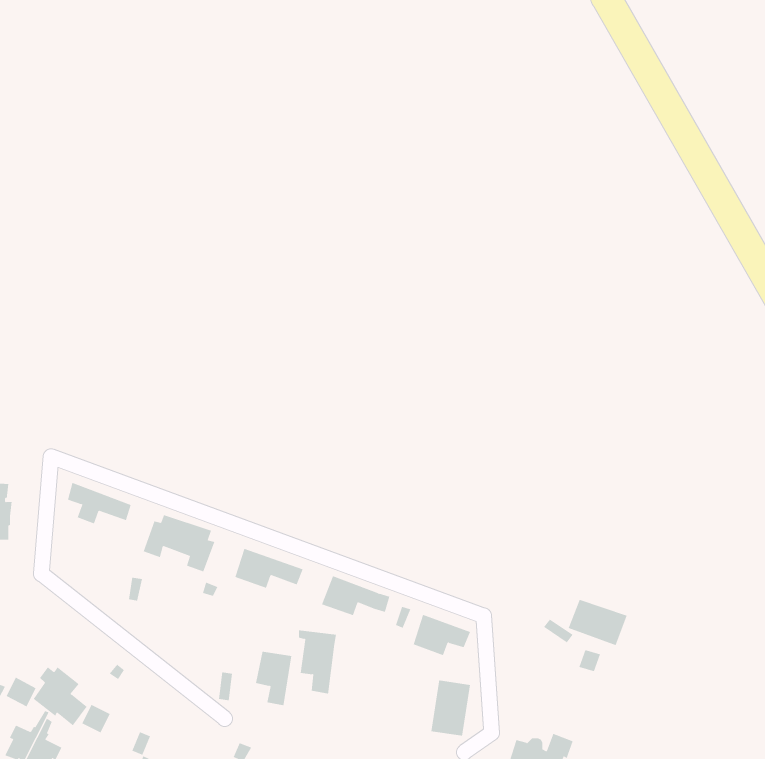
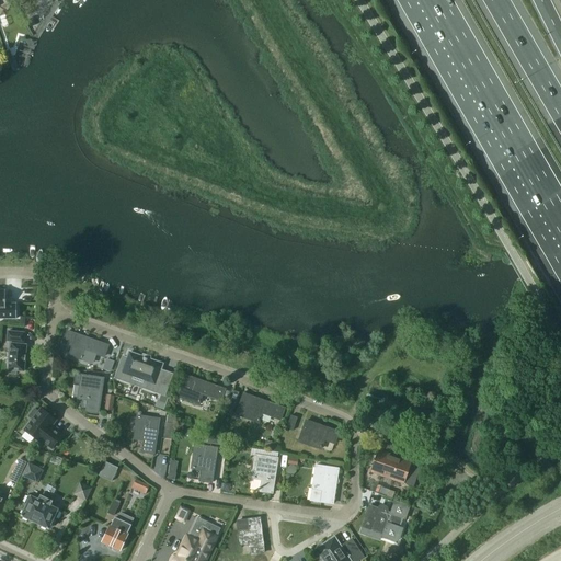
building: none -> [79,374,104,412]
building: [568,599,627,646] -> [370,450,411,482]
building: none -> [135,415,160,453]
building: [298,630,337,694] -> [252,448,278,492]
building: [33,667,88,726] -> [24,408,61,448]

